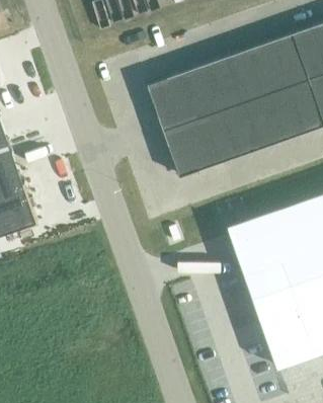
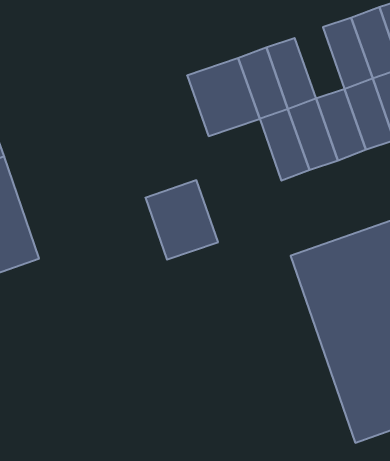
building: [228,51,265,104] -> none
building: [163,119,218,179] -> [145,180,218,260]

